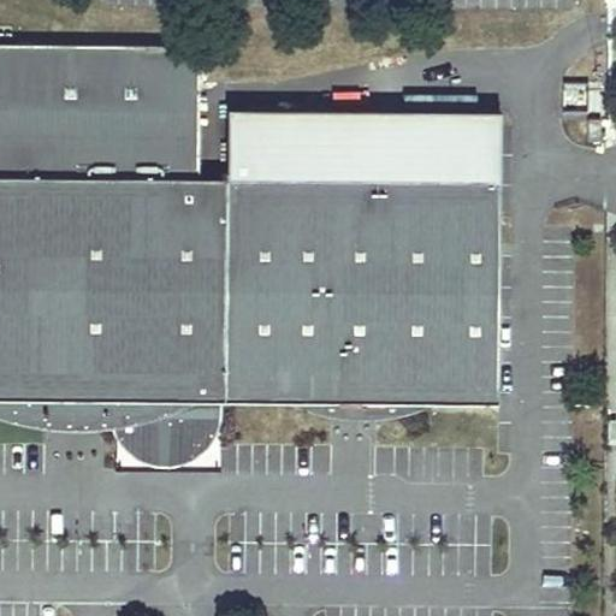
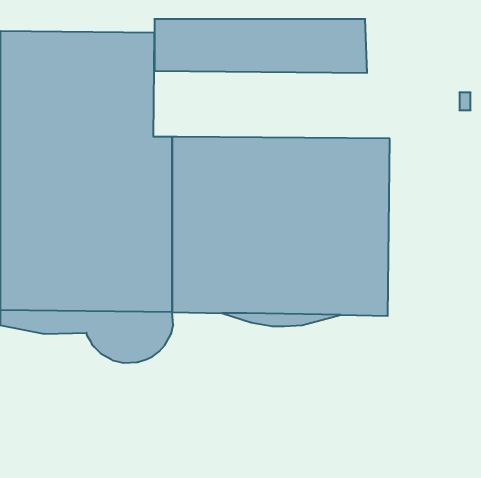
building: [226,113,498,182] -> [154,19,367,73]

